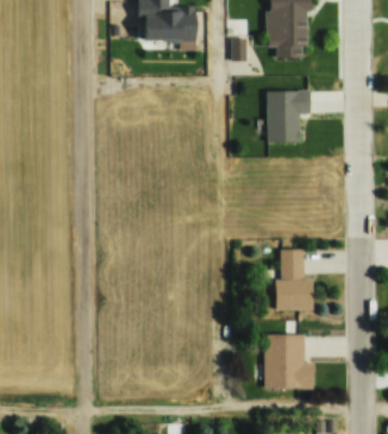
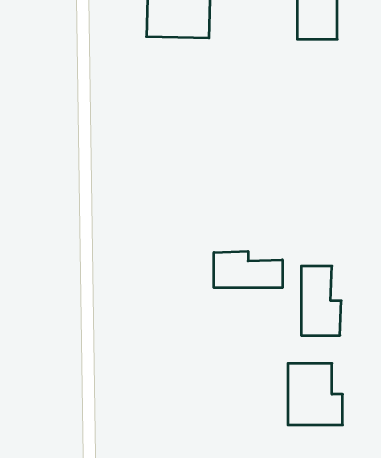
building: [267,90,311,143] -> none
building: none -> [214,251,282,288]

